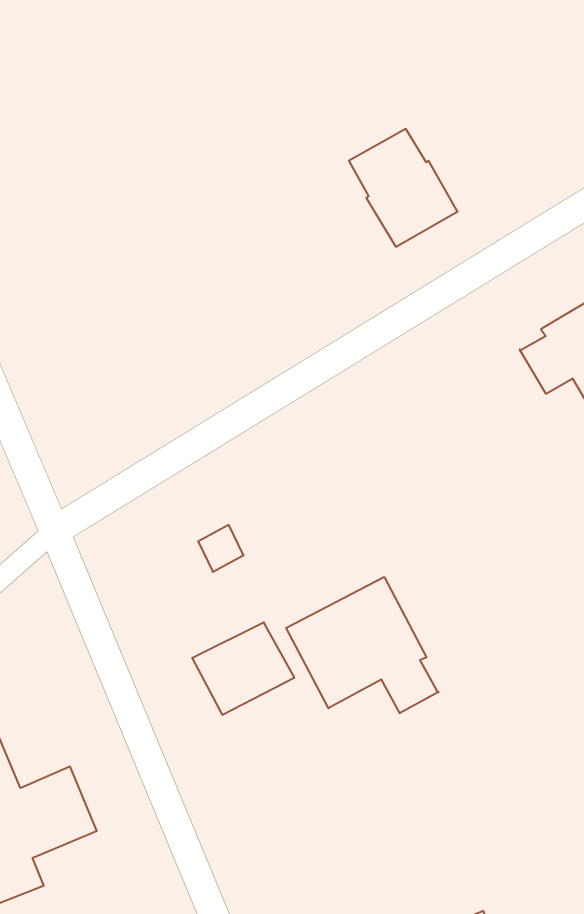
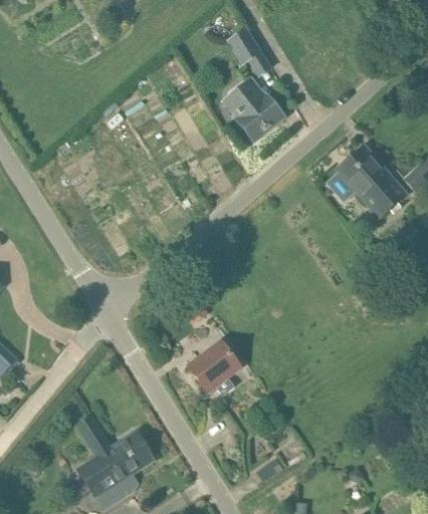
building: none -> [226,27,269,75]
building: [286,577,439,713] -> none

